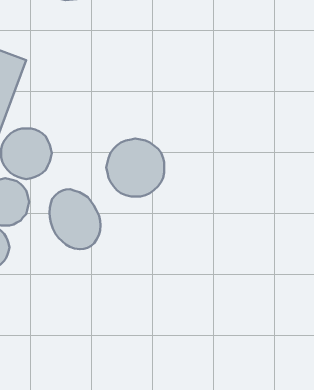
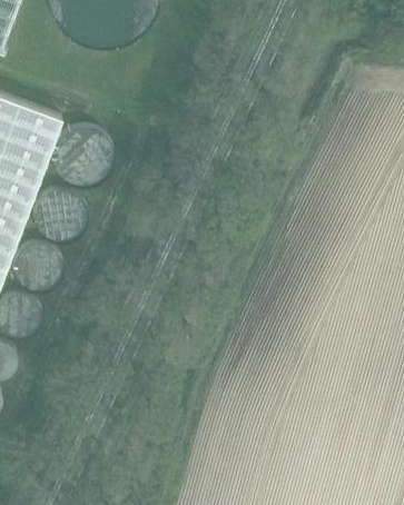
building: [106,138,164,196] -> [51,125,114,187]
building: [49,189,100,249] -> none

